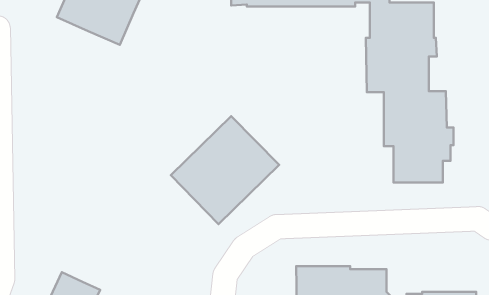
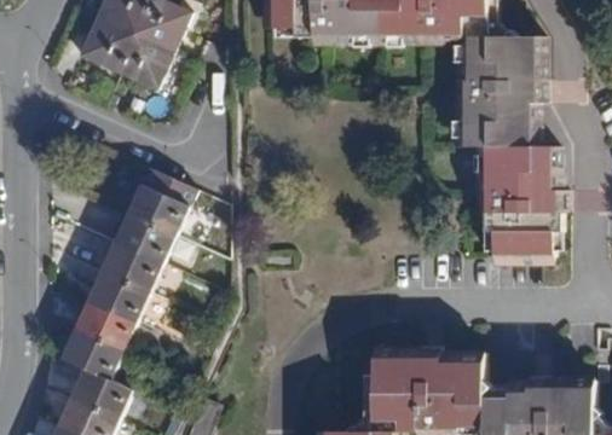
building: none -> [60,167,195,379]
building: [171,116,279,224] -> none

